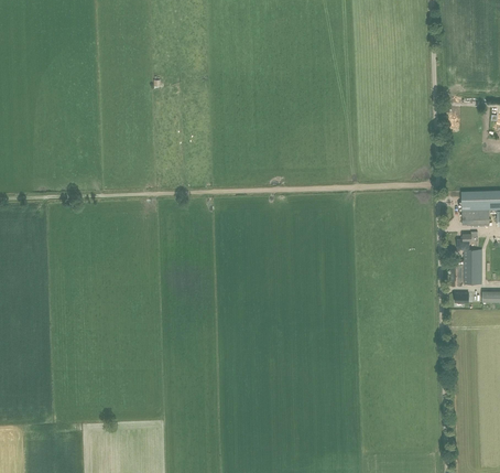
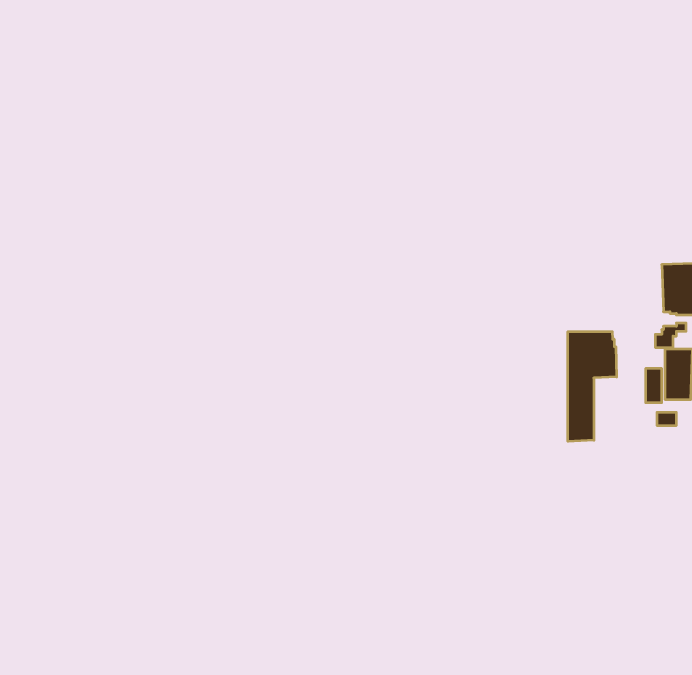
building: none -> [568,332,617,441]

